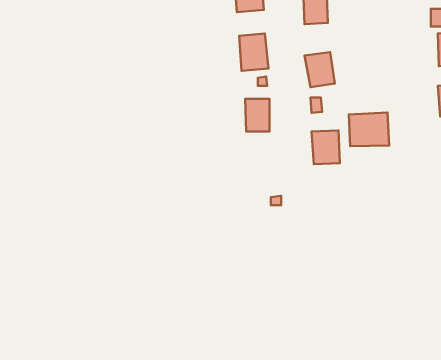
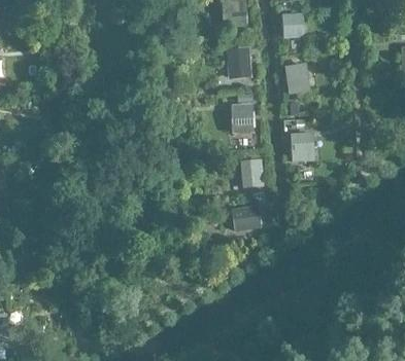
building: [349,112,389,146] -> none
building: none -> [239,158,264,188]
building: none -> [231,206,261,231]

